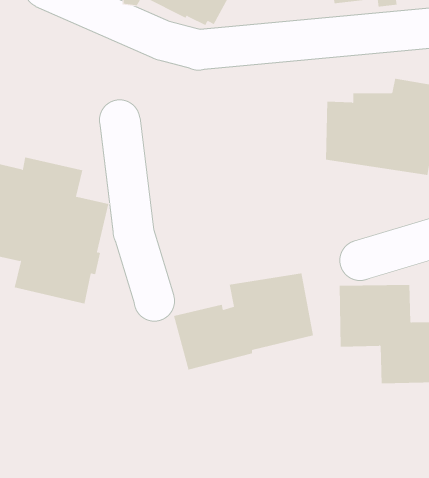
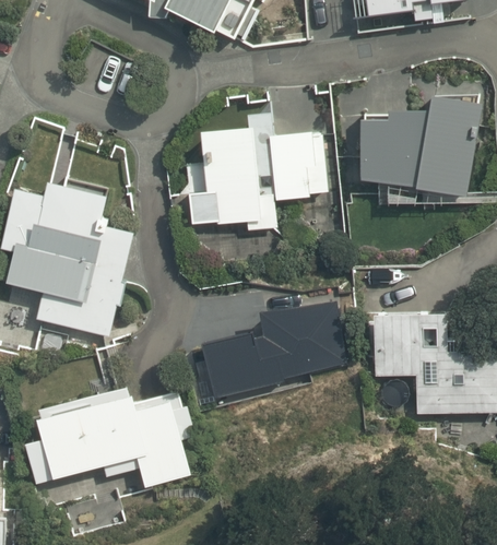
building: none -> [189,111,328,230]
building: none -> [25,383,192,483]

